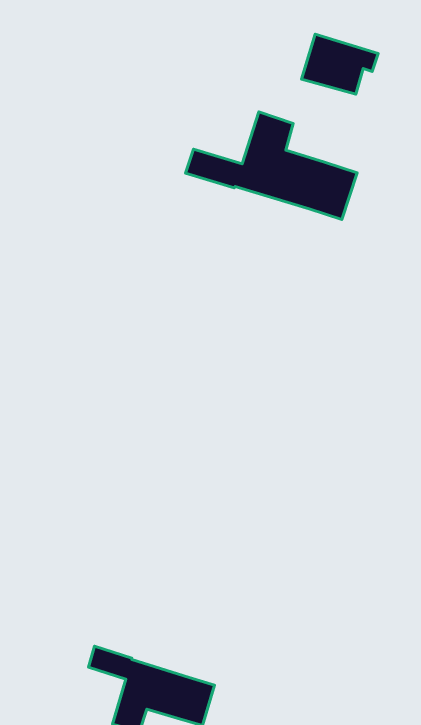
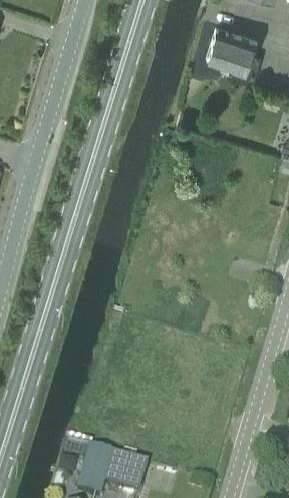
building: [185,112,357,219] -> none

